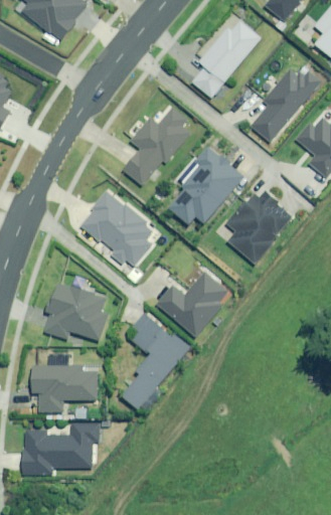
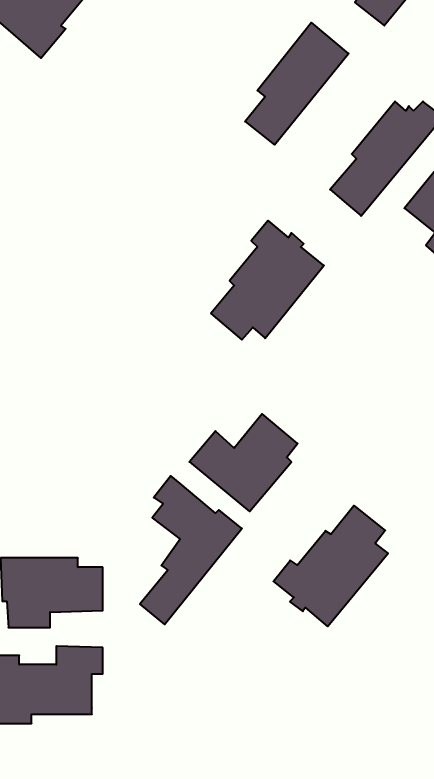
building: [124,108,192,184] -> none
building: [218,189,287,263] -> none
building: [76,191,155,267] -> none
building: [42,284,108,341] -> none
building: none -> [273,506,388,626]

